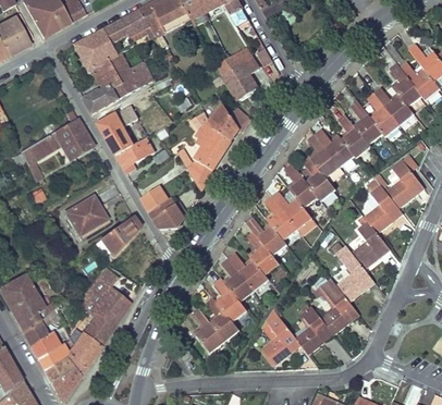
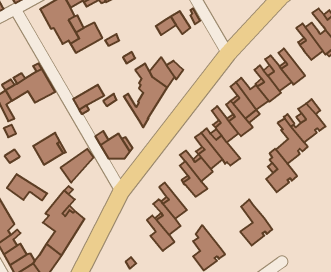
building: [223,64,256,99] -> none
building: [83,83,119,113] -> none
building: [373,87,414,126] -> none
building: [97,106,148,155] -> none
building: [332,242,375,300] -> none
building: none -> [7,174,47,200]
building: [228,251,269,291] -> none
building: [295,306,334,354] -> none
building: [192,307,225,353] -> none

